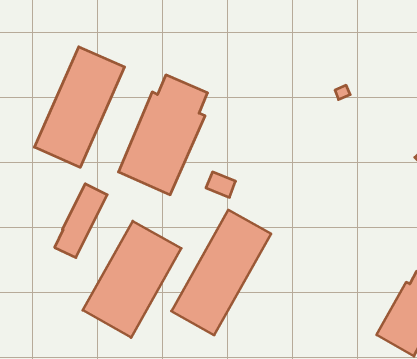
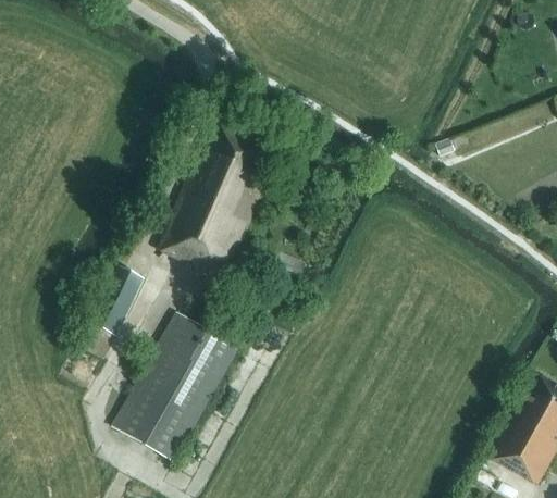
building: [34,47,125,167] -> none
building: [171,210,271,335] -> none

